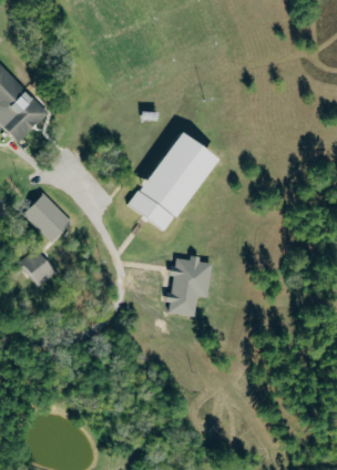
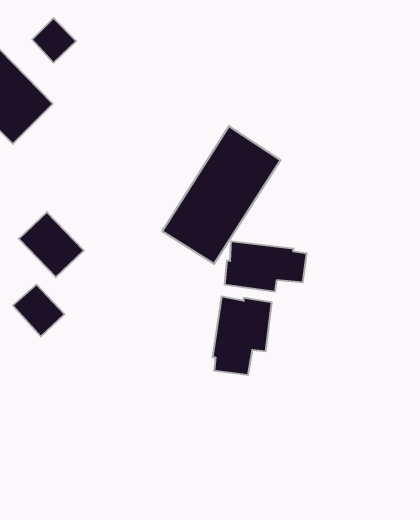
building: none -> [32,18,76,63]
building: none -> [225,241,306,292]

